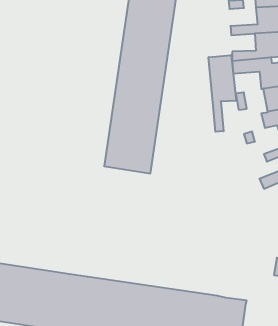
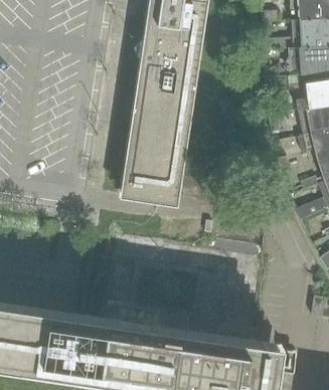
building: [209,55,236,132] -> none

